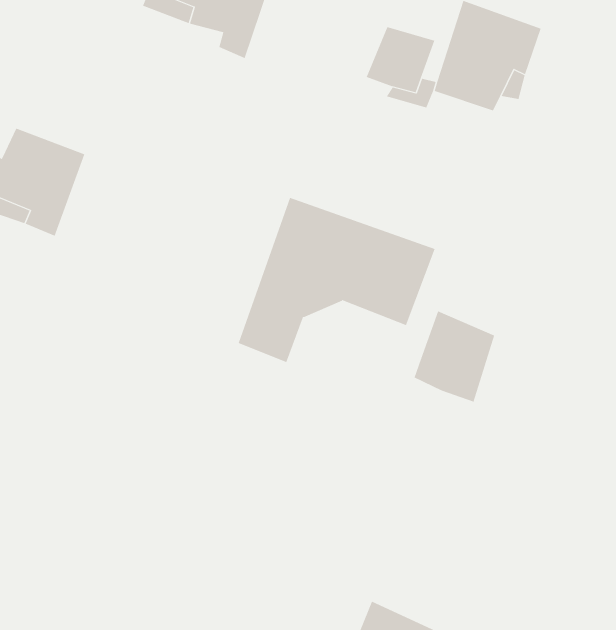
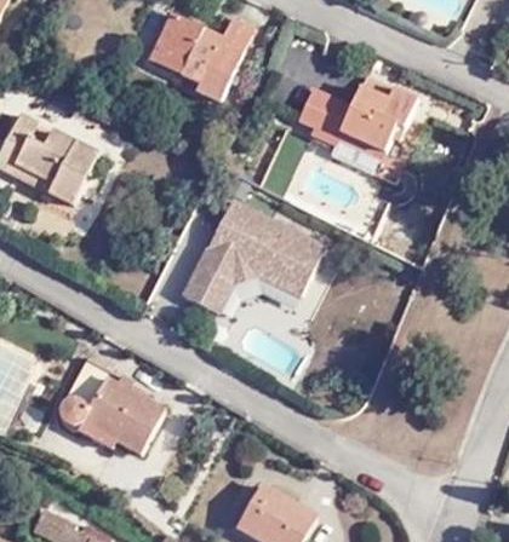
building: [414,310,495,403] -> none
building: none -> [62,364,161,451]

